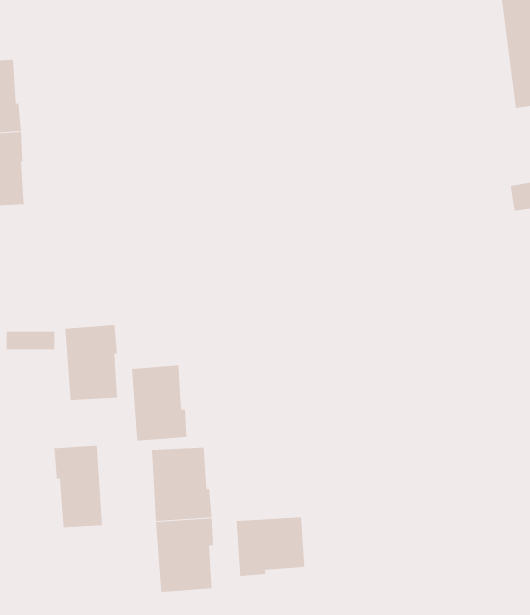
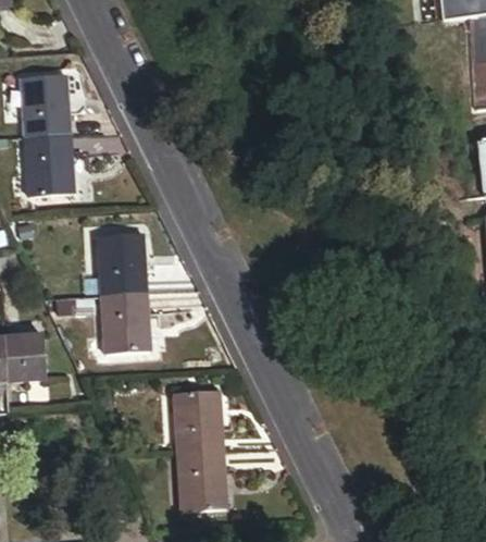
building: [131,365,187,441] -> [99,232,145,294]
building: [54,445,103,528] -> none
building: [236,516,305,577] -> none

